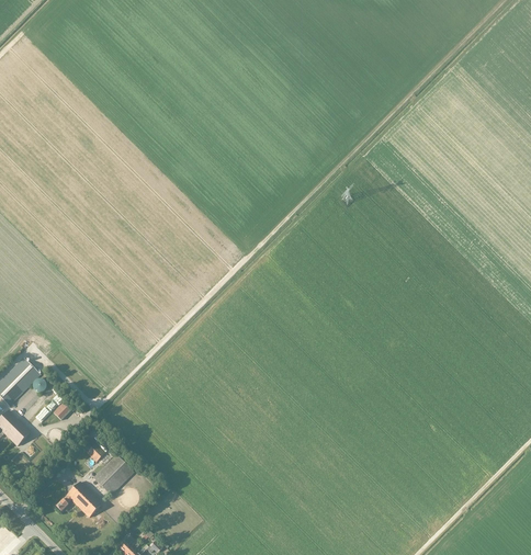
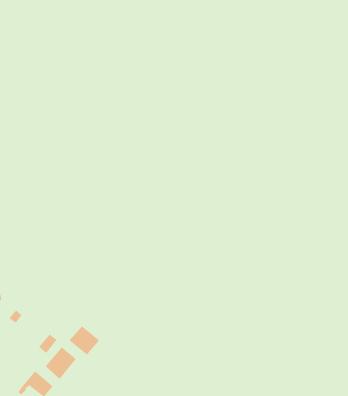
building: none -> [68,325,100,355]

